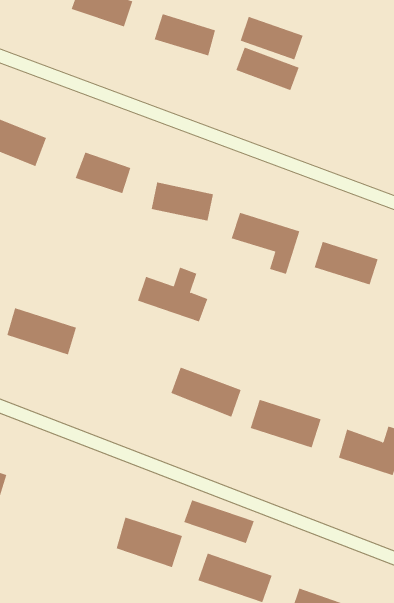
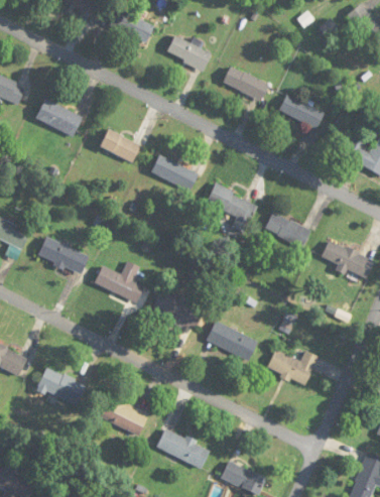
building: [240,16,303,60] -> [278,94,325,129]
building: [137,267,208,322] -> [94,261,145,302]
building: none -> [36,366,87,406]
building: [183,499,254,544] -> none

